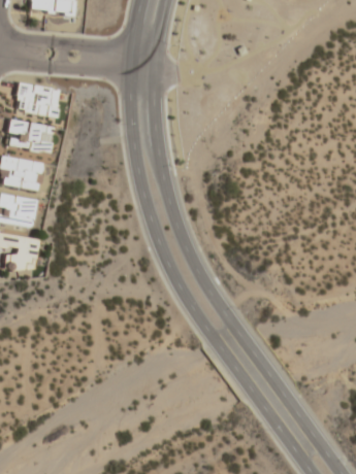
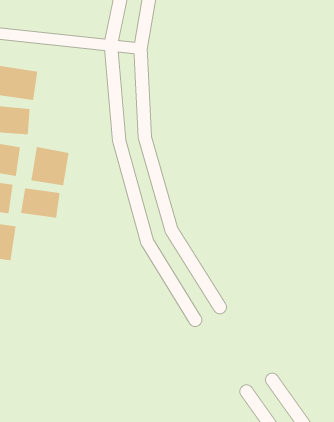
building: none -> [30,146,70,186]
building: none -> [20,187,60,219]

